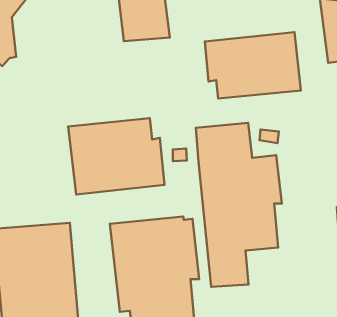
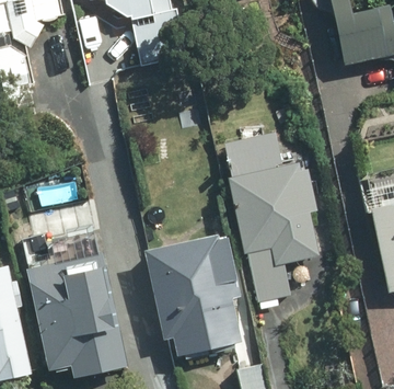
building: [205,32,301,98] -> none
building: [68,118,165,195] -> none

